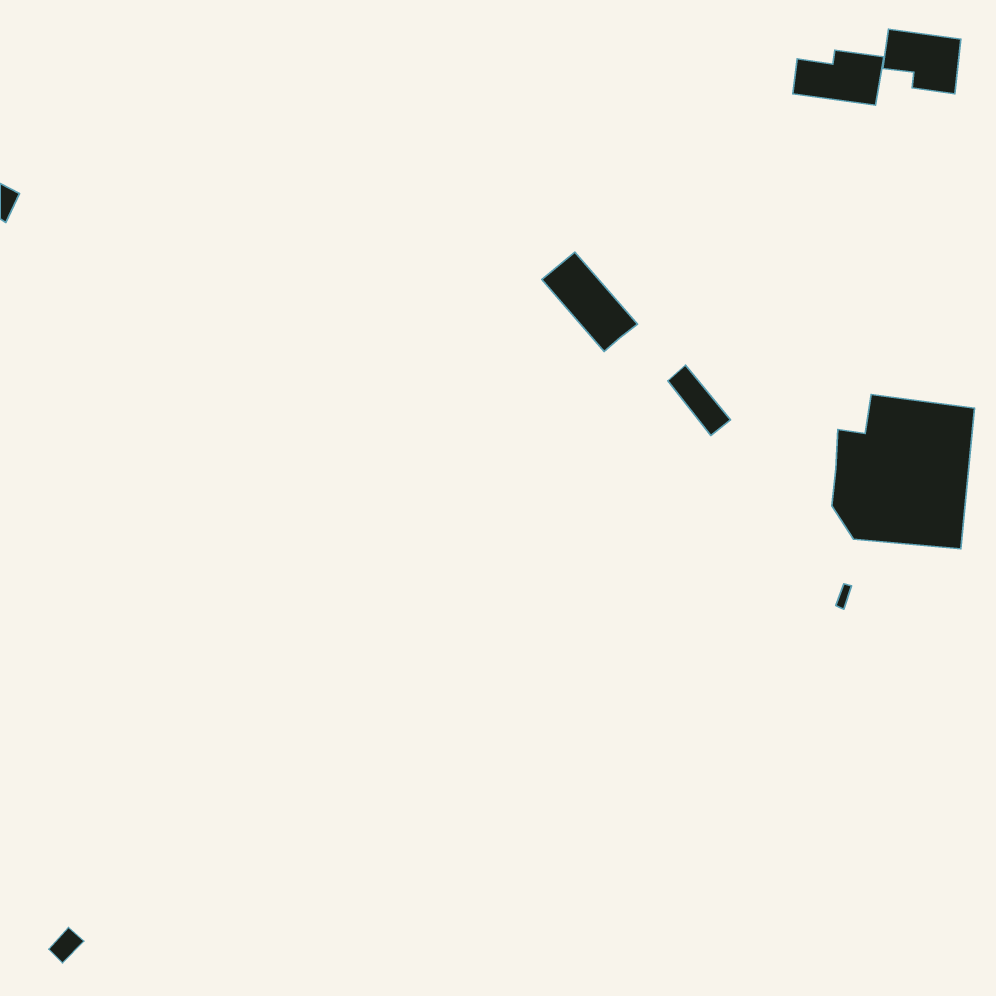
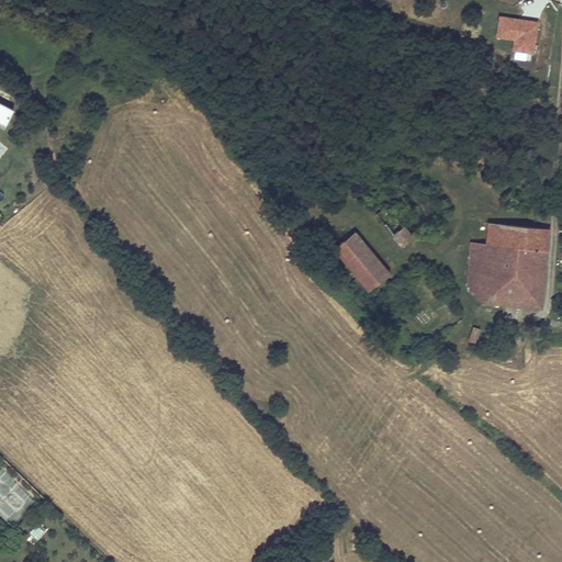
building: [793,50,884,105] -> none
building: [542,252,637,352] -> [335,234,389,290]

